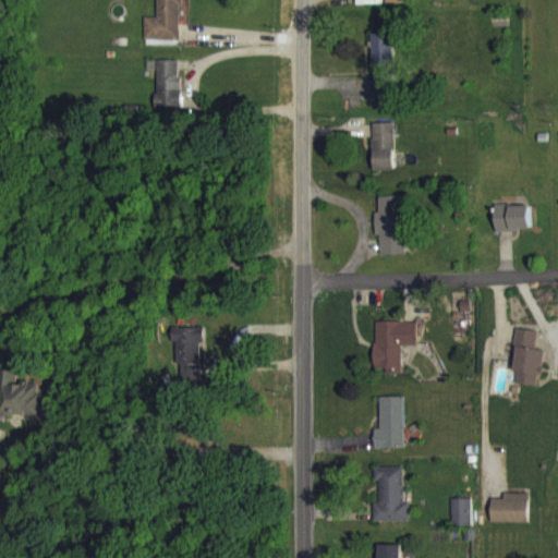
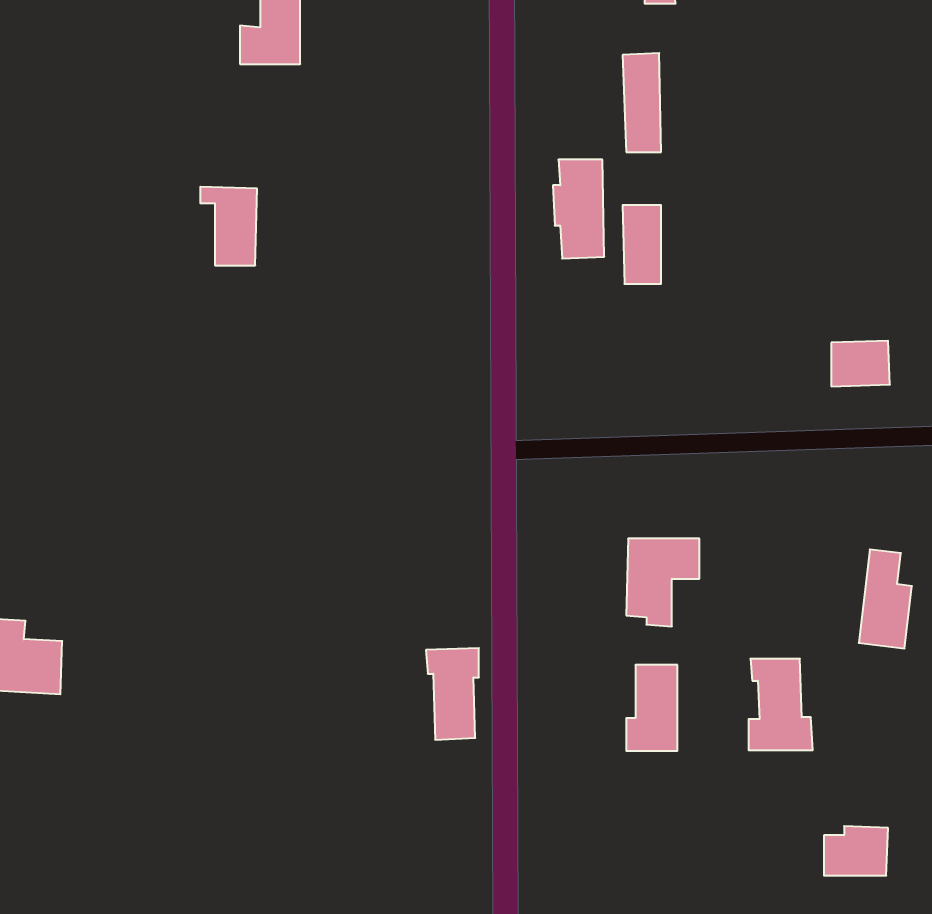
building: [146,59,180,106] -> [200,187,257,265]
building: [374,195,404,254] -> [553,160,604,259]
building: [170,326,202,380] -> [426,648,479,740]
building: [372,465,410,520] -> [749,659,813,750]
building: [449,497,470,525] -> none

